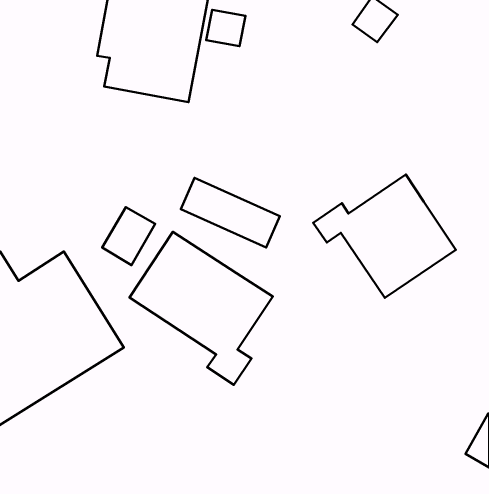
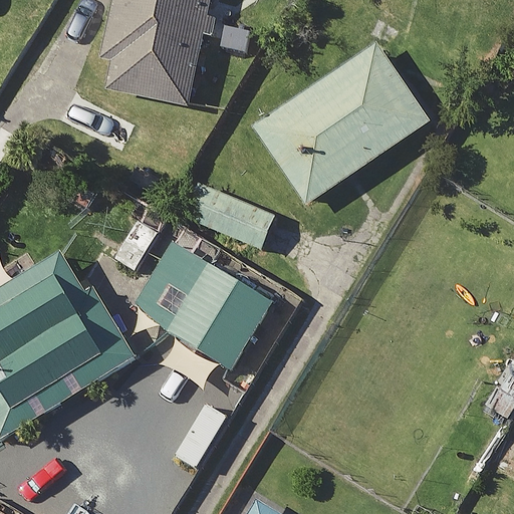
building: none -> [253,43,427,205]
building: [313,175,456,298] -> none

